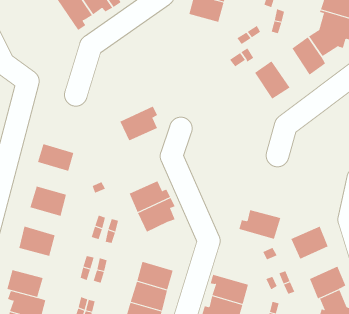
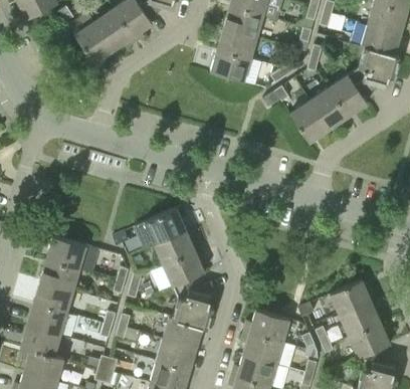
building: none -> [211,49,251,81]
building: none -> [309,86,349,129]
building: [120,106,158,141] -> [144,205,185,243]
building: [37,144,74,171] -> [40,258,80,288]
building: [238,210,281,239] -> [244,310,290,342]
building: none -> [168,274,213,328]
building: none -> [339,301,380,336]
building: none -> [27,303,68,335]

